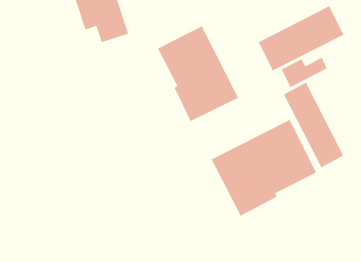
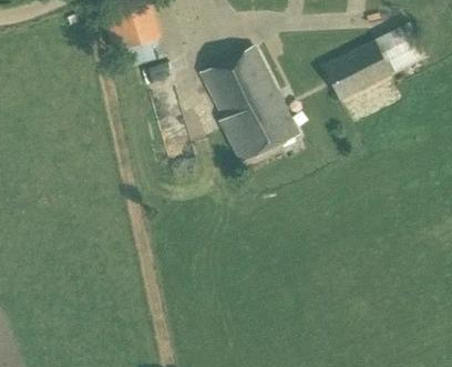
building: [283,82,344,168] -> none
building: [211,119,317,216] -> none

